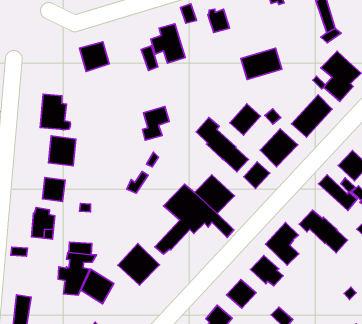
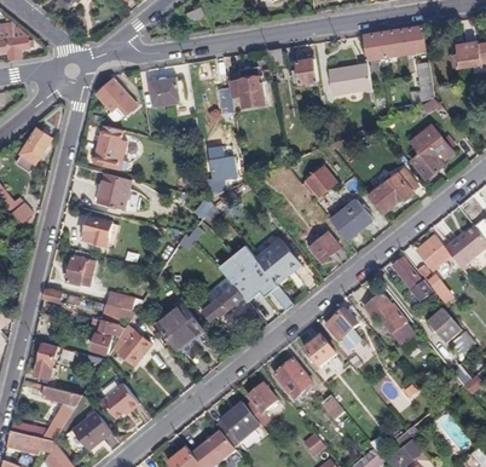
building: [241,48,282,80] -> [329,64,372,94]
building: none -> [97,79,137,113]
building: [196,117,248,172] -> none

